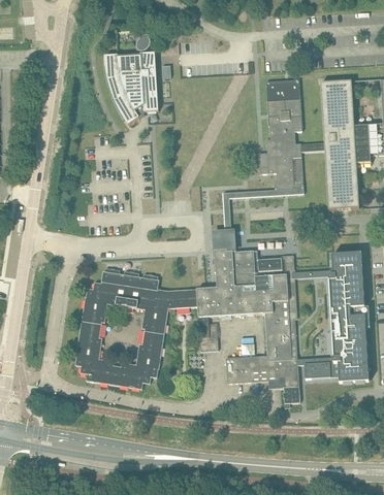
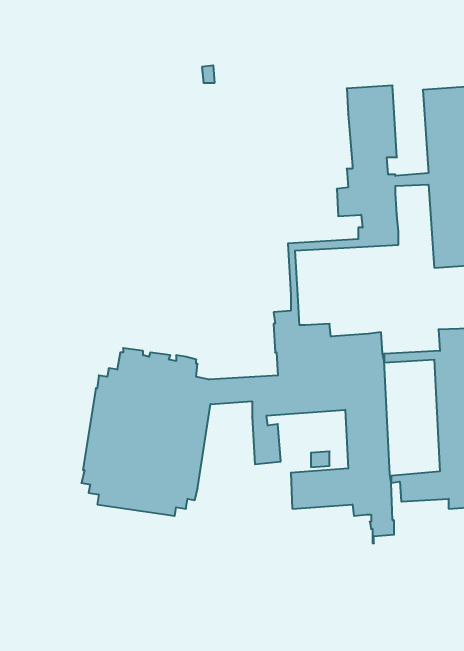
building: [104,33,158,124] -> none

